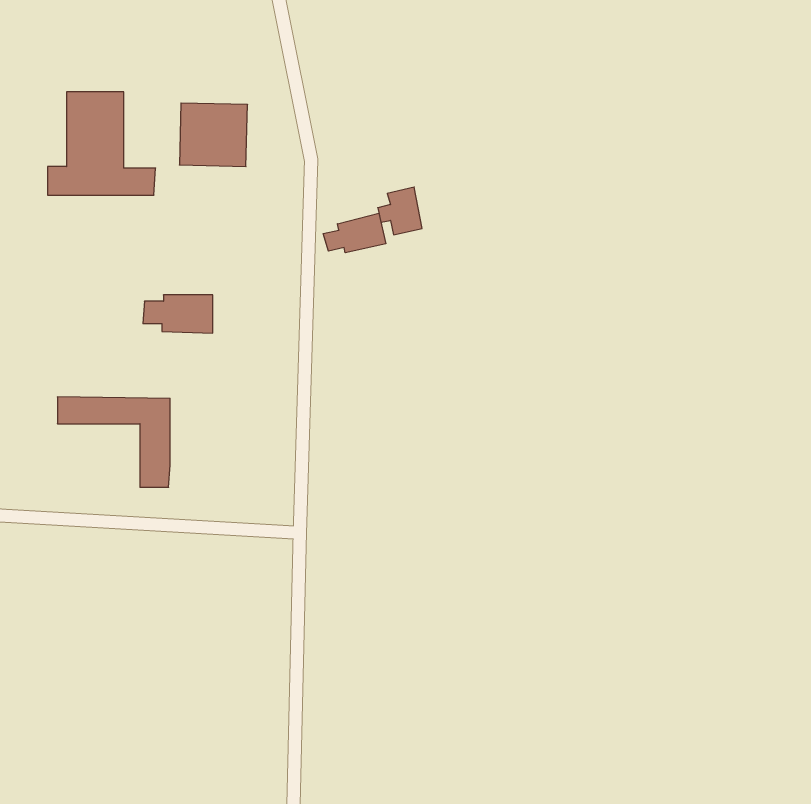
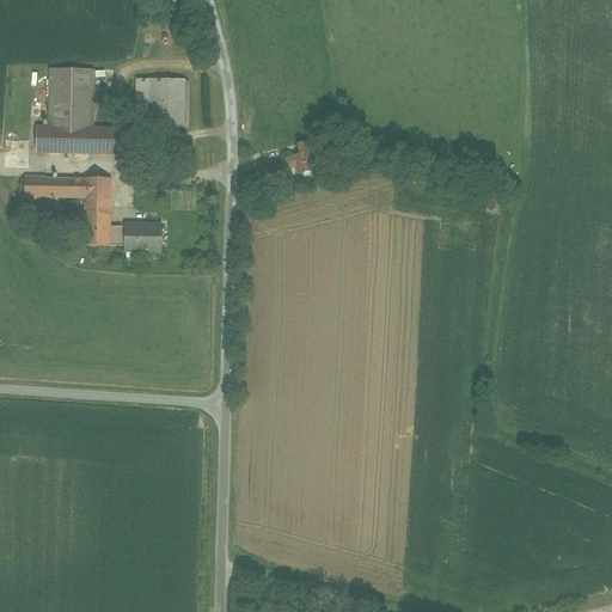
building: [323,213,386,253] -> none
building: [57,397,170,487] -> [24,176,109,244]

